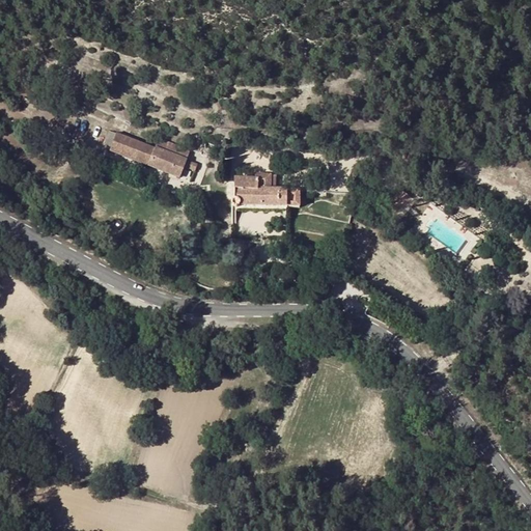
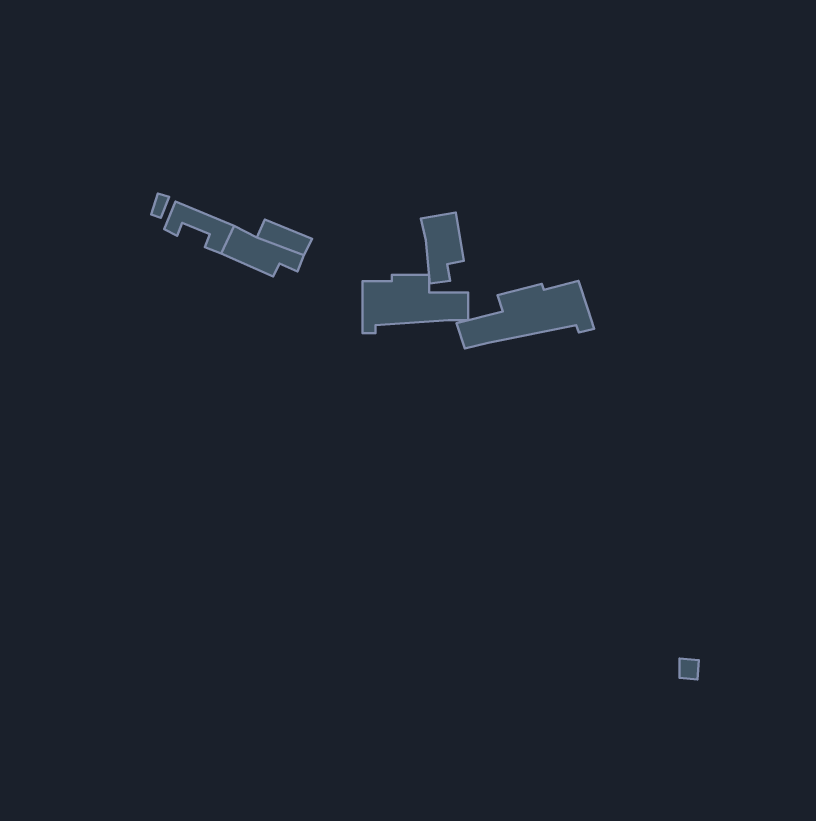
building: none -> [421,213,464,283]
building: none -> [457,281,594,349]

